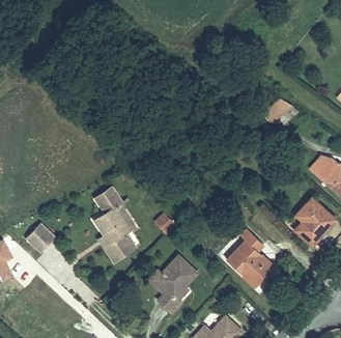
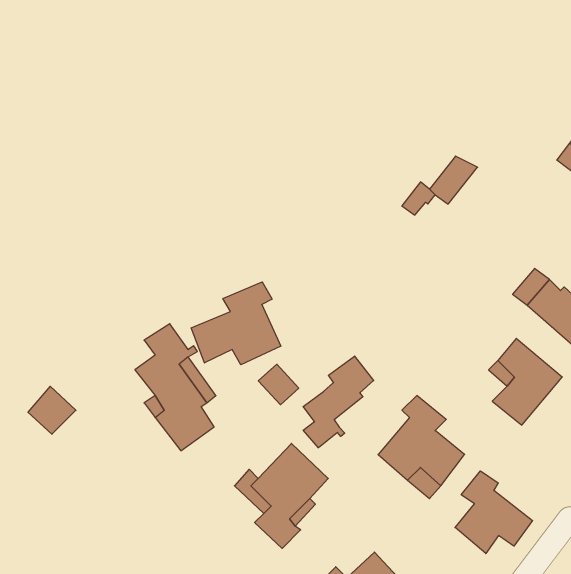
building: none -> [191,282,281,365]
building: none -> [303,356,374,448]
building: none -> [455,471,533,554]

